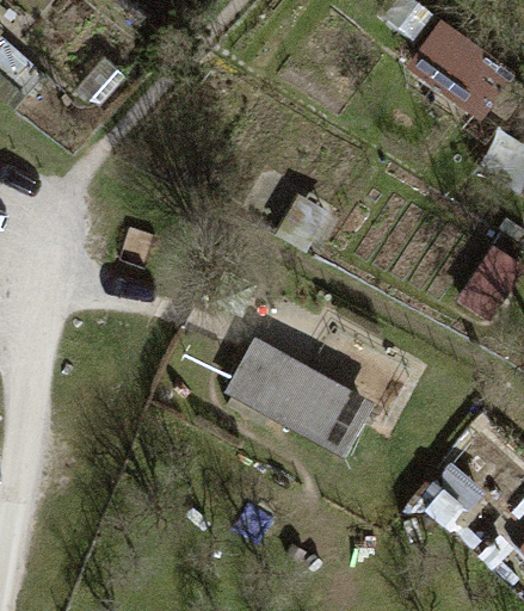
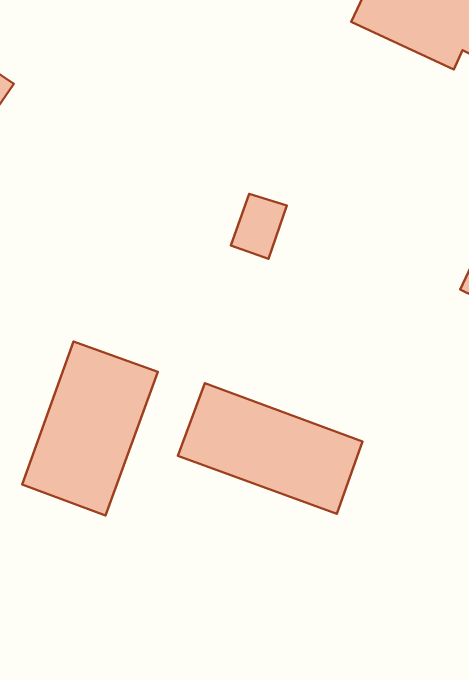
building: none -> [22,342,158,515]

